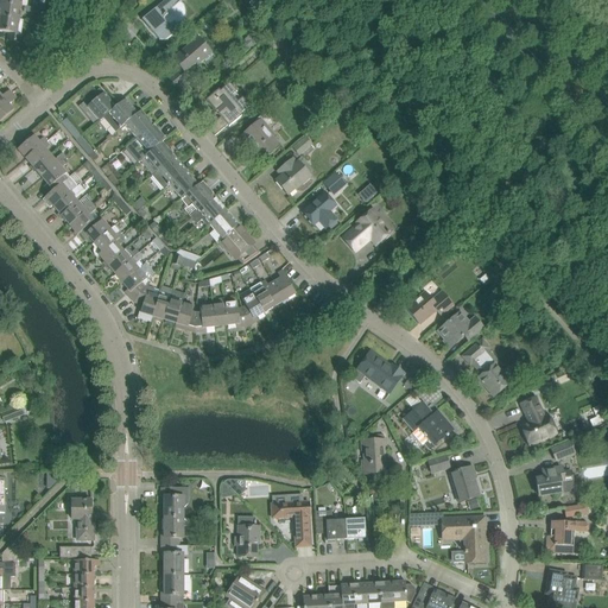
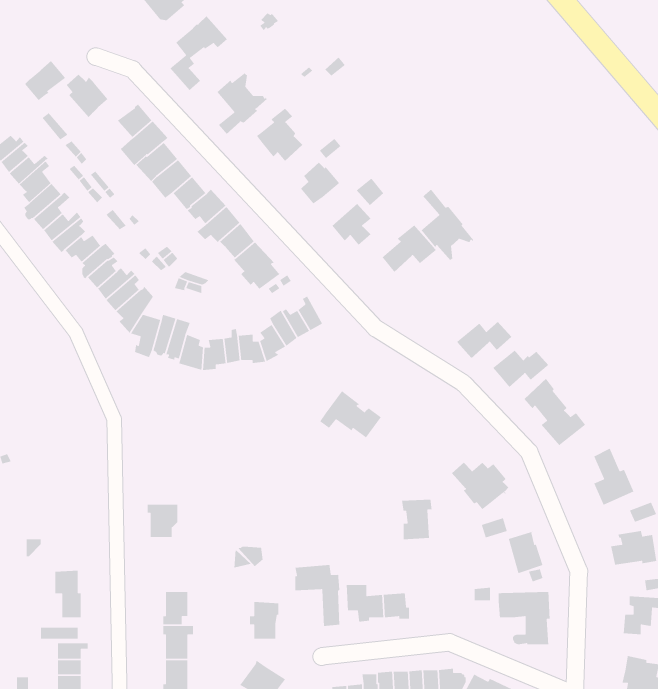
building: [103,97,138,132] -> [24,60,65,101]
building: none -> [421,188,474,261]
building: [352,350,404,391] -> [319,390,382,439]
building: [162,488,188,517] -> [147,504,178,538]

